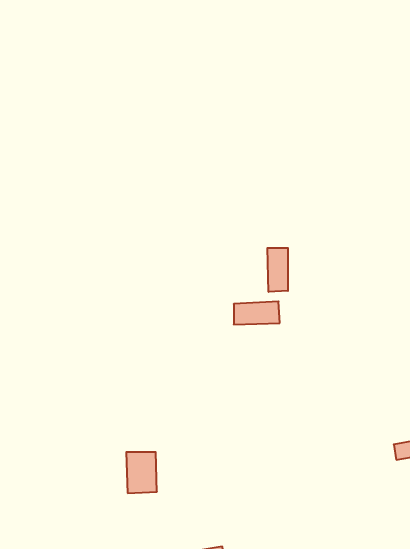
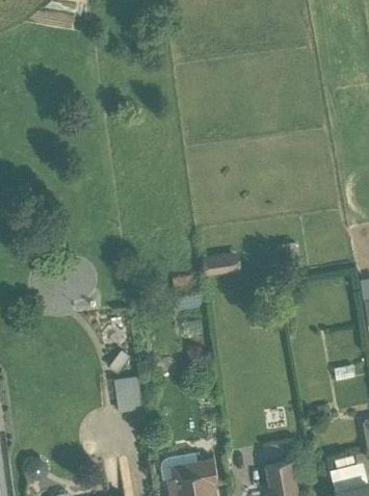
building: [267,248,288,292] -> none

